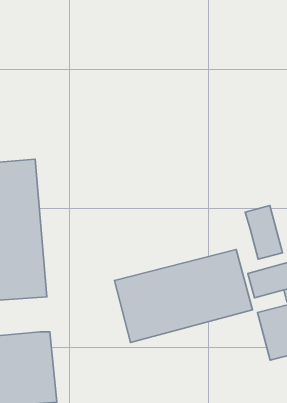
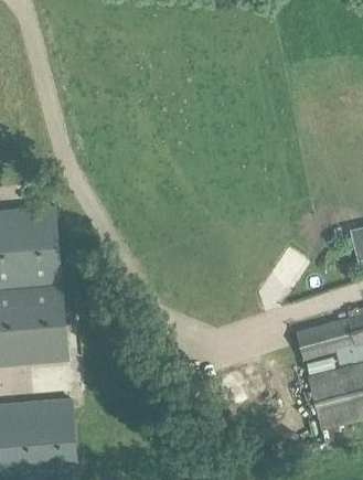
building: [245,205,282,259] -> none
building: [114,249,253,343] -> none

